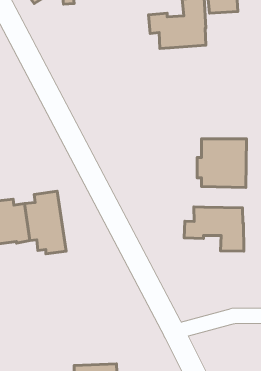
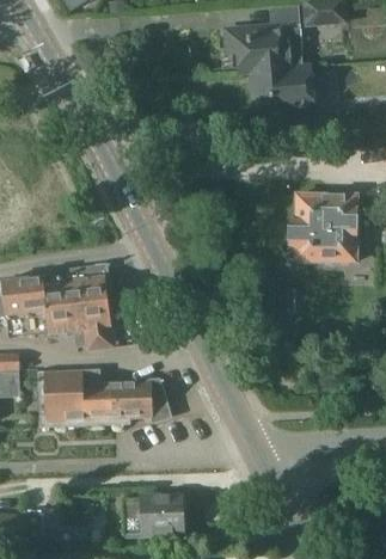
building: none -> [253,64,314,112]
building: [184,207,244,251] -> none
building: none -> [39,368,171,425]

